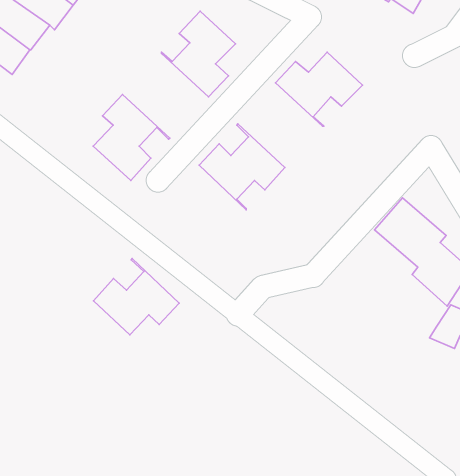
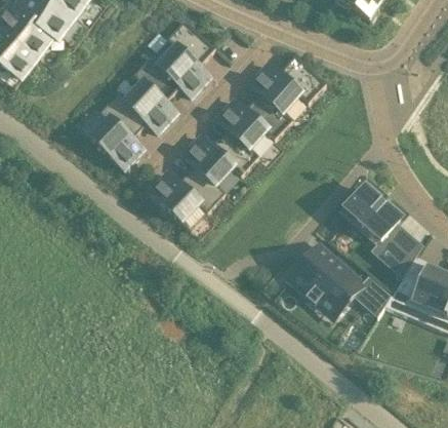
building: none -> [117,56,192,130]
building: none -> [217,82,291,156]
building: [93,259,179,335] -> [150,154,225,221]
building: none -> [290,245,391,316]

